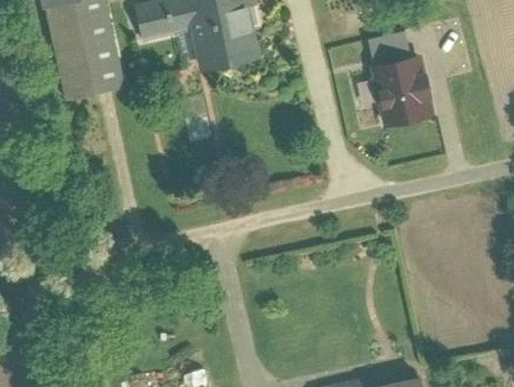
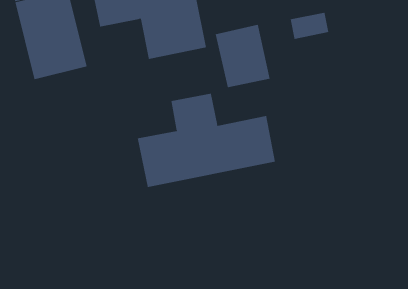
building: [368,53,433,128] -> [215,24,271,88]
building: none -> [137,93,275,188]

